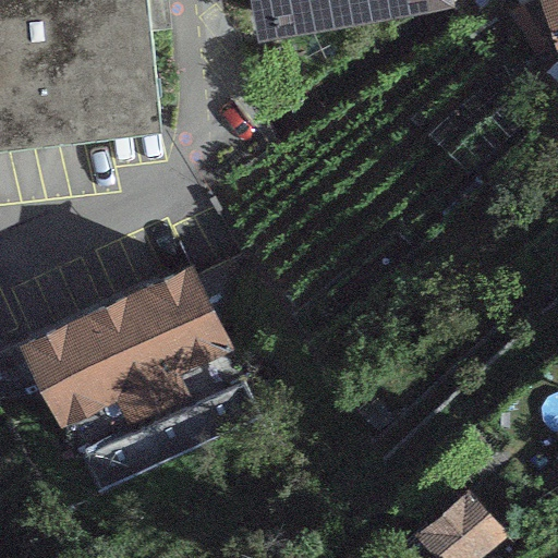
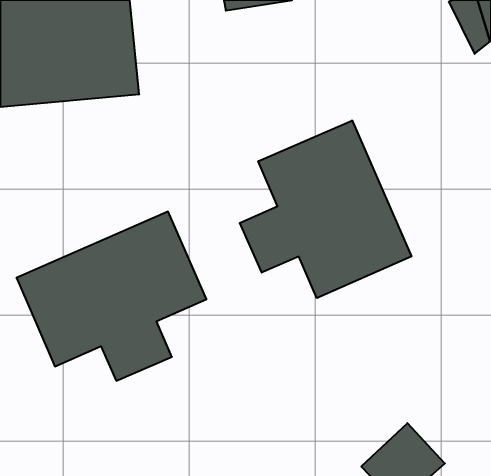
building: none -> [240,120,411,298]

